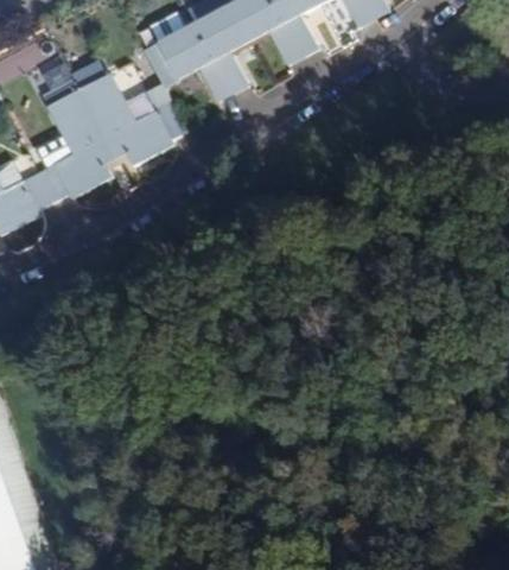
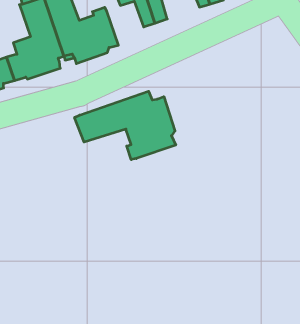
building: none -> [75,91,176,160]

